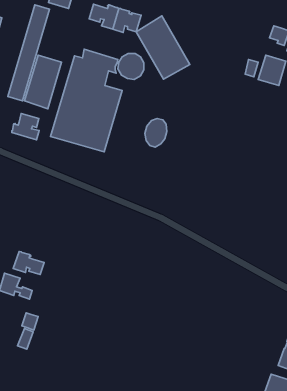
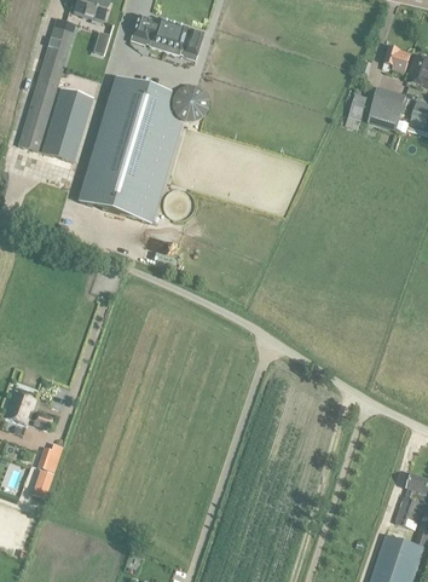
building: [136,16,190,79] -> none
building: [12,113,39,140] -> none
building: [145,118,167,147] -> none
building: [13,252,44,275] -> none

